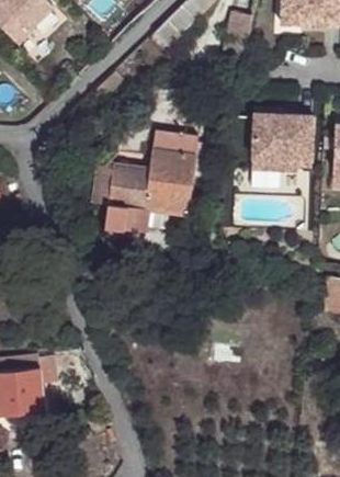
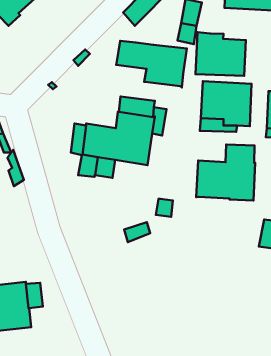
building: none -> [195,32,246,76]
building: none -> [116,41,187,87]
building: none -> [196,145,255,200]

